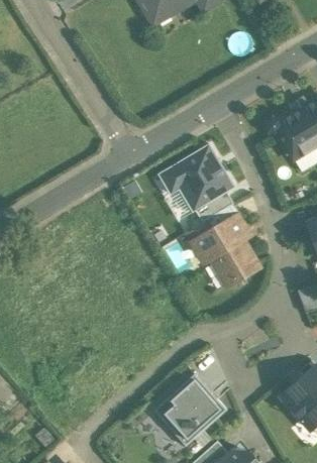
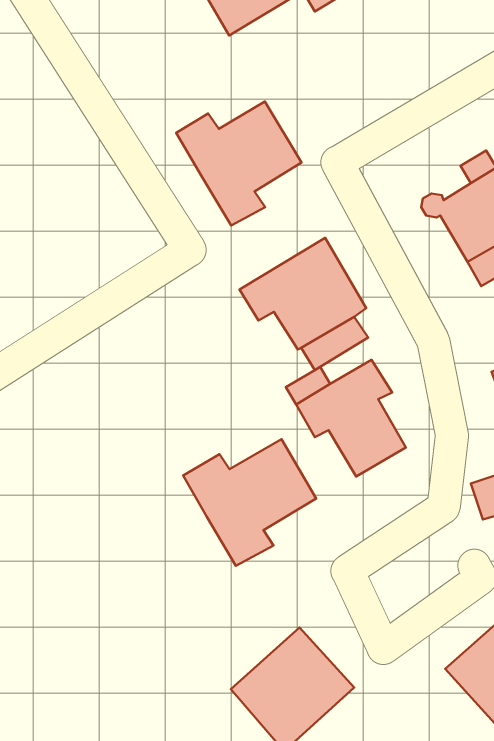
building: none -> [176,102,301,226]
building: none -> [183,439,316,566]

